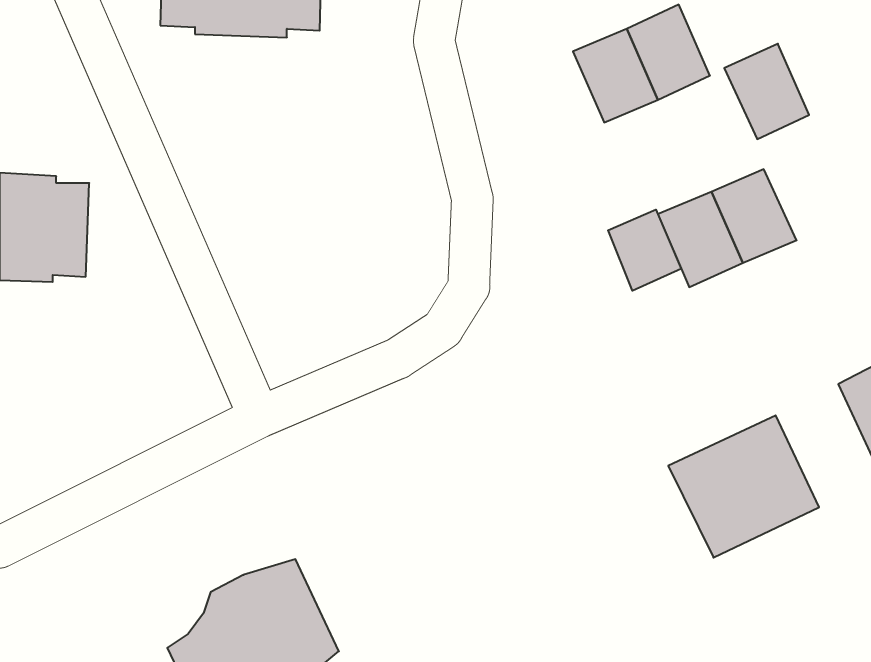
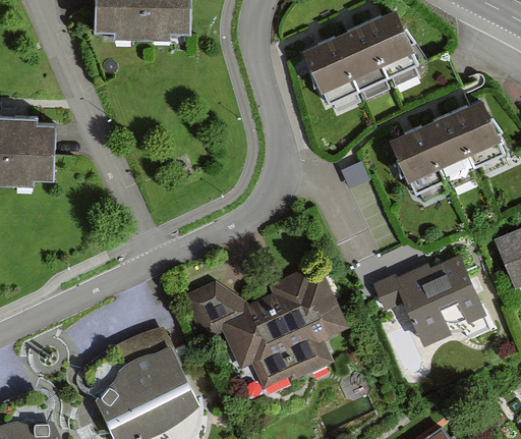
building: [724,44,809,139] -> [449,101,499,157]
building: none -> [305,46,355,102]
building: [608,210,681,291] -> none
building: none -> [184,268,337,383]

